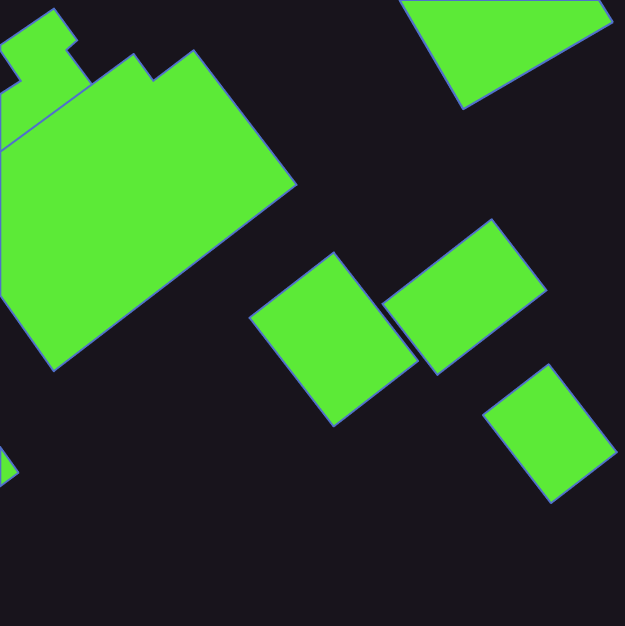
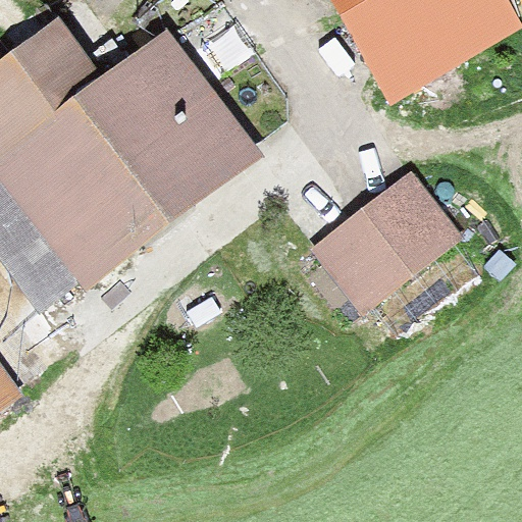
building: [249,252,418,426] -> none
building: [483,364,617,503] -> none

